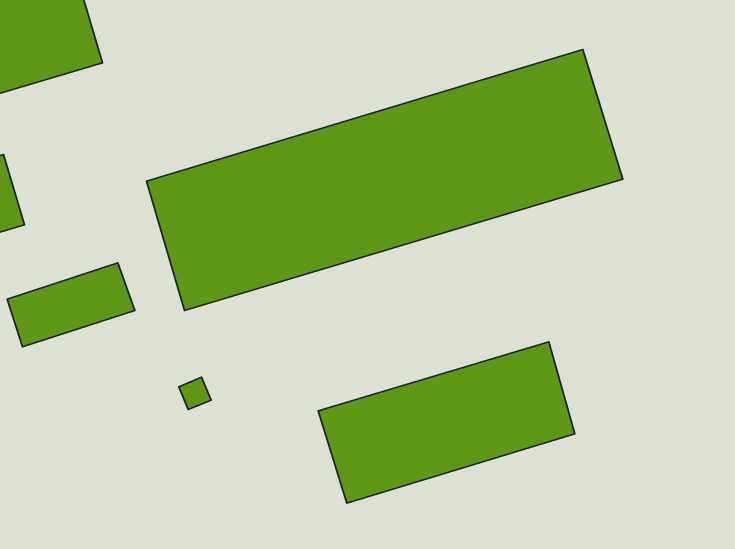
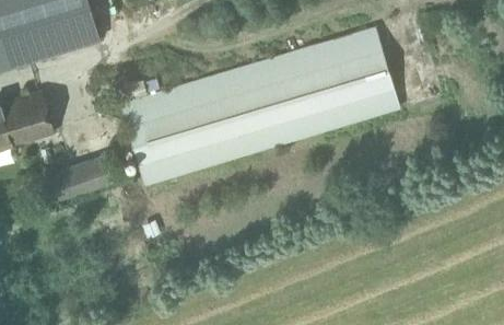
building: [318,342,575,503] -> none

